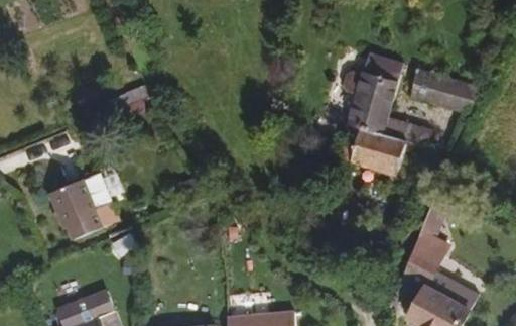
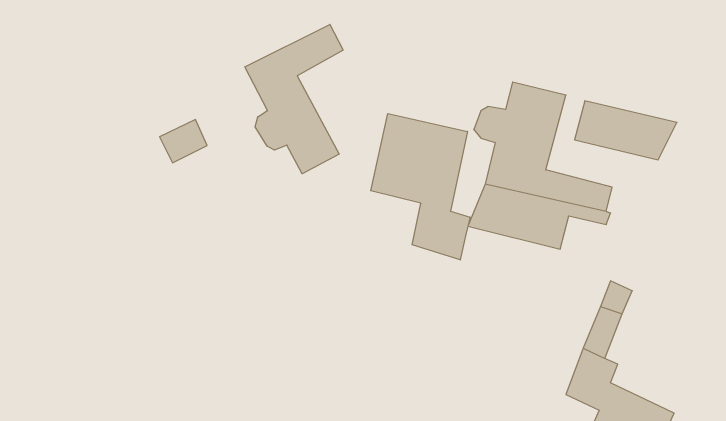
building: none -> [245,24,343,174]
building: none -> [371,114,470,260]
building: [53,168,124,235] -> none

